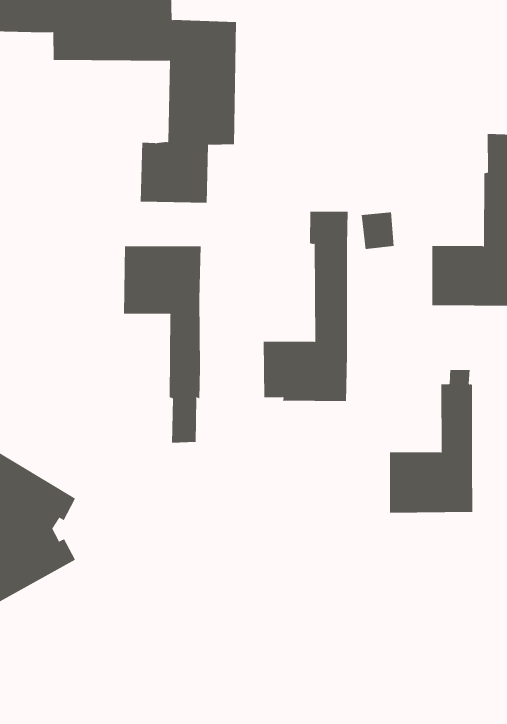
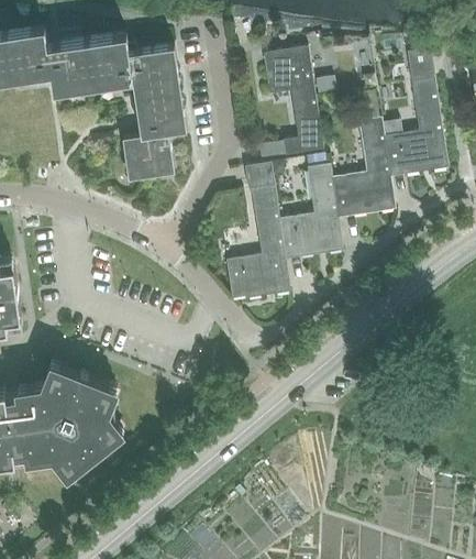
building: none -> [263,48,323,155]
building: [124,246,201,443] -> none
building: [389,369,473,513] -> [279,154,343,261]

